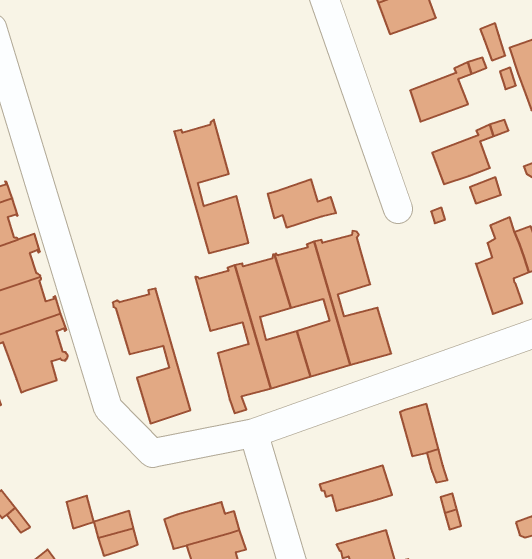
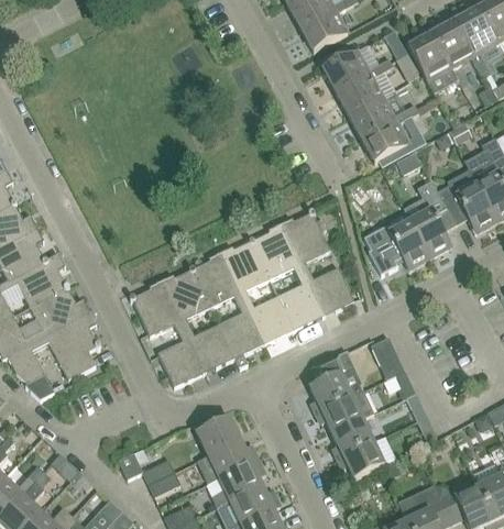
building: none -> [324,49,371,92]
building: none -> [349,96,396,139]
building: [174,120,248,253] -> [162,266,234,372]
building: [268,179,336,228] -> none
building: none -> [364,220,430,274]
building: none -> [310,355,363,414]
building: none -> [194,411,241,455]
building: none -> [332,418,374,459]

